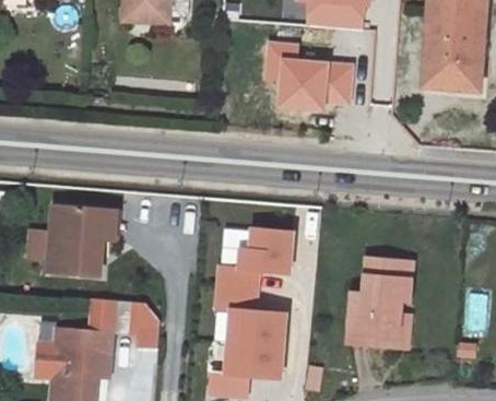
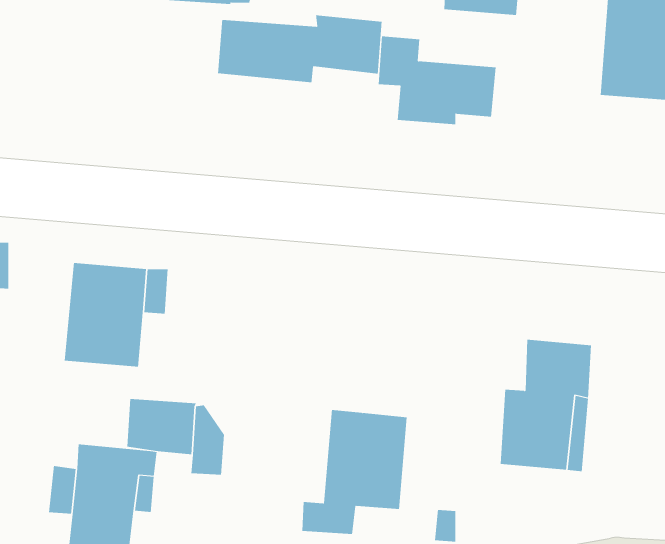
building: none -> [218,14,382,83]
building: [219,225,293,308] -> none

